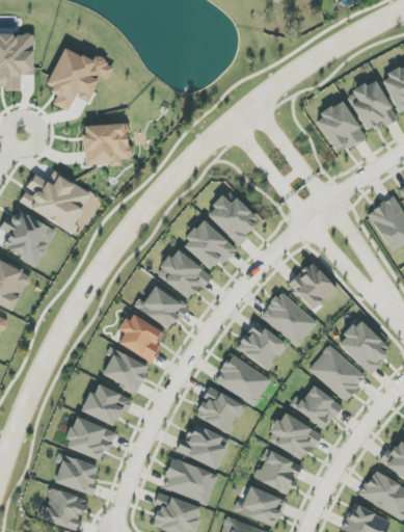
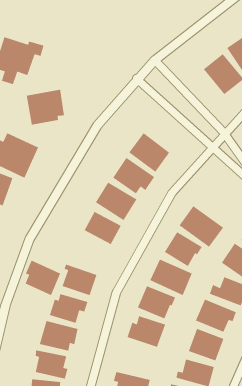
building: [288,262,336,311] -> none
building: [117,313,166,363] -> [24,259,61,296]
building: [162,459,217,503] -> none

